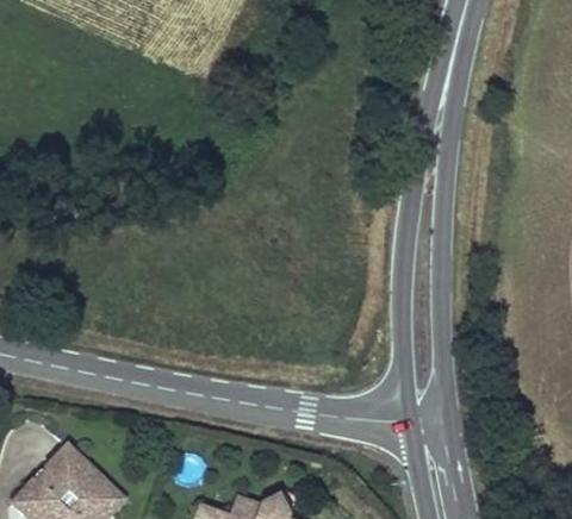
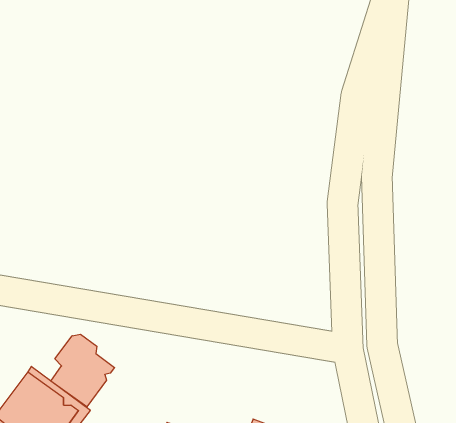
building: none -> [51,334,115,407]

